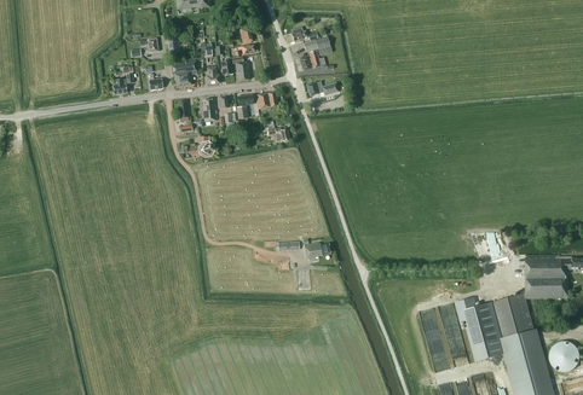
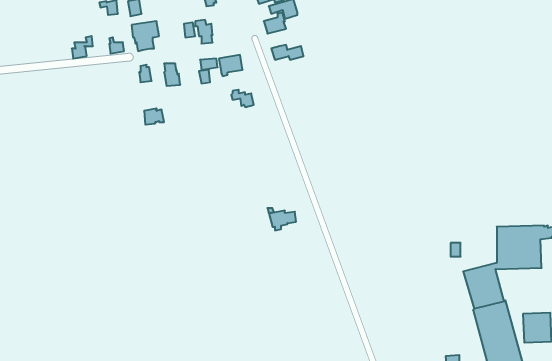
building: [455,296,504,361] -> none

